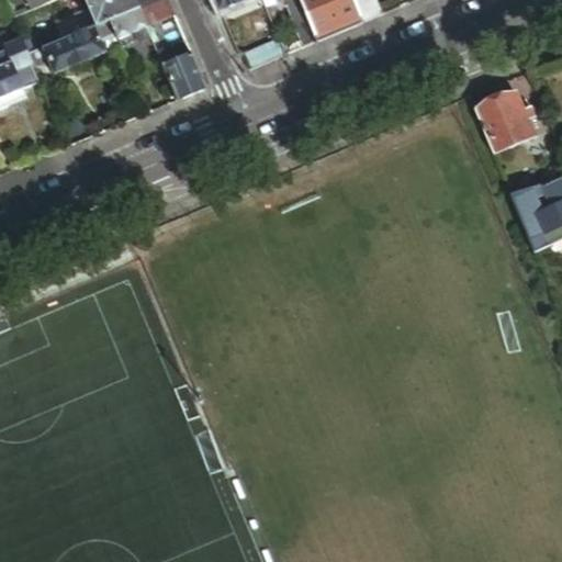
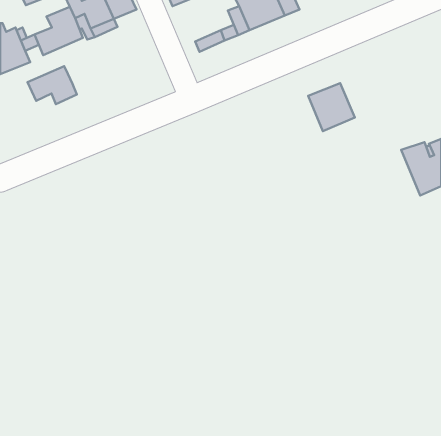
building: [156,36,205,98] -> none
building: none -> [27,66,77,104]
building: [475,90,535,151] -> [308,83,355,131]

